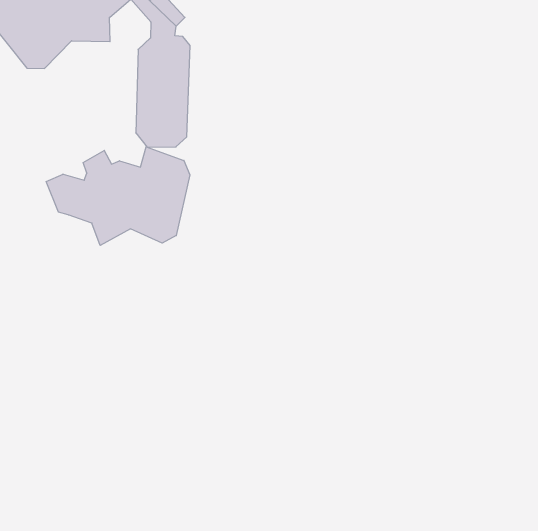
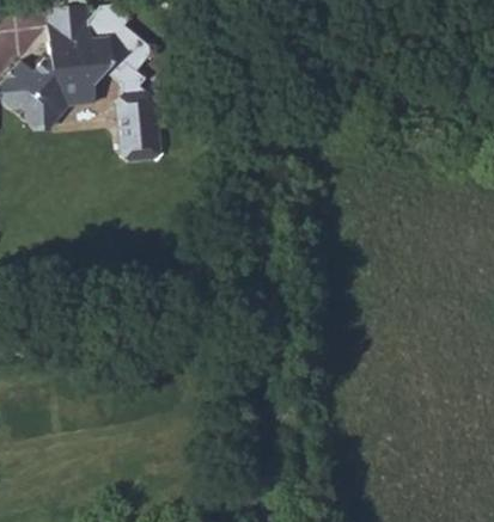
building: [46,147,190,245] -> none

